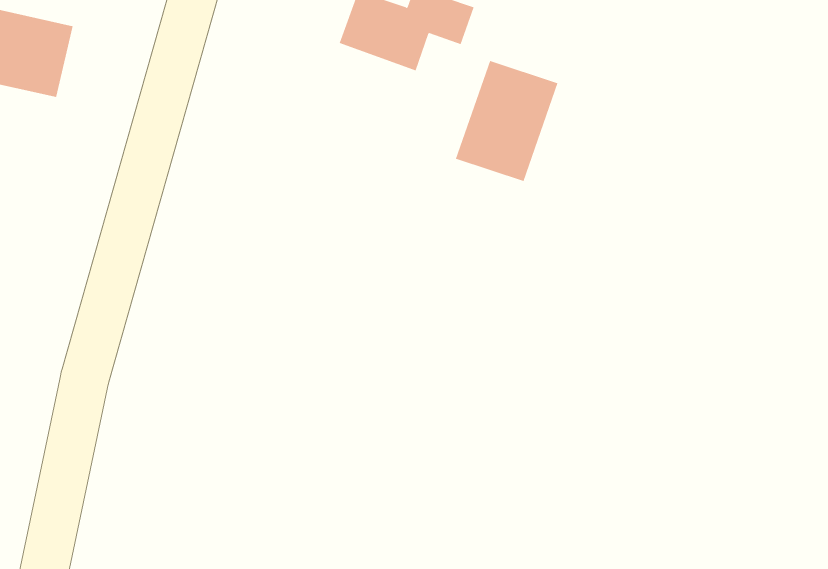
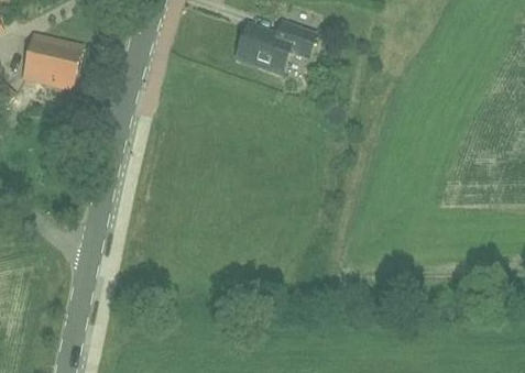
building: [455,60,558,182] -> none

